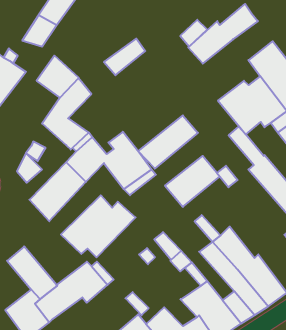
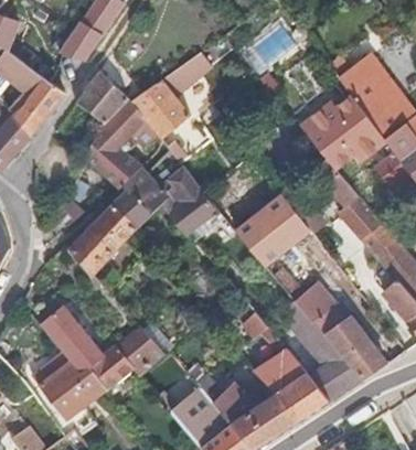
building: [188,4,258,64] -> none
building: none -> [131,79,191,140]
building: [138,115,198,169] -> none
building: [61,195,136,257] -> none

